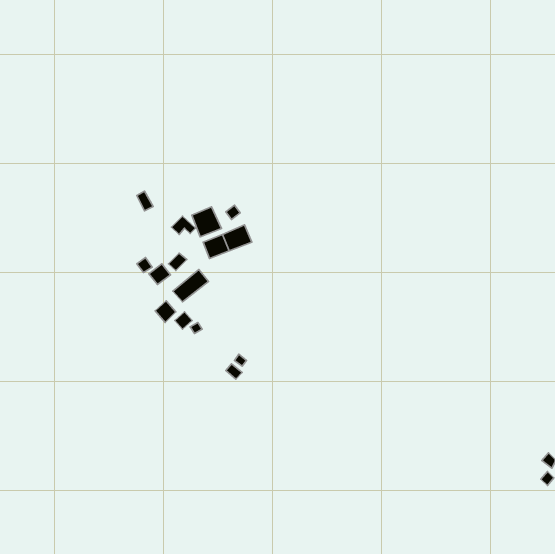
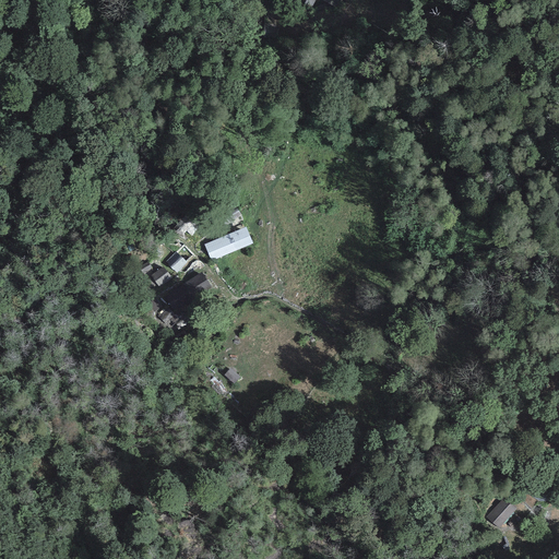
building: [192,207,221,237] -> none
building: none -> [486,497,516,527]

